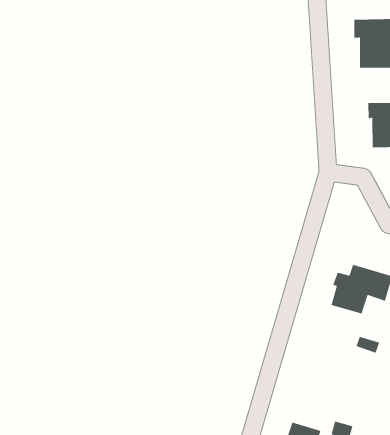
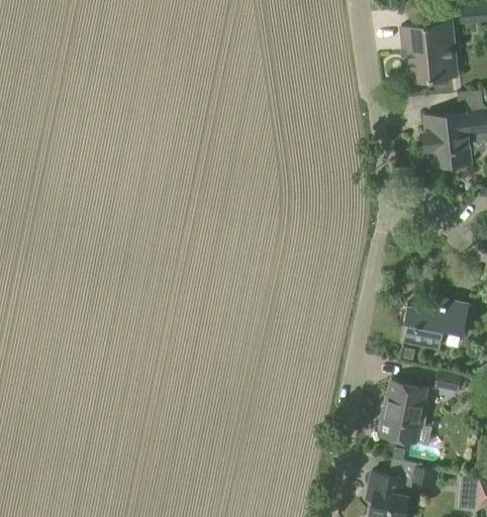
building: none -> [379,382,426,444]

